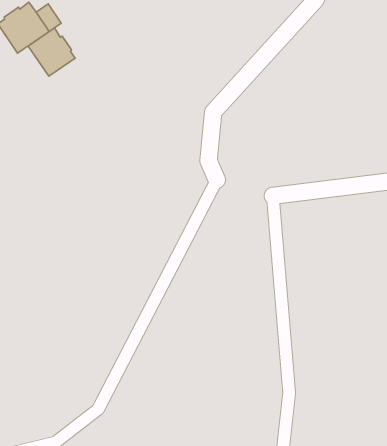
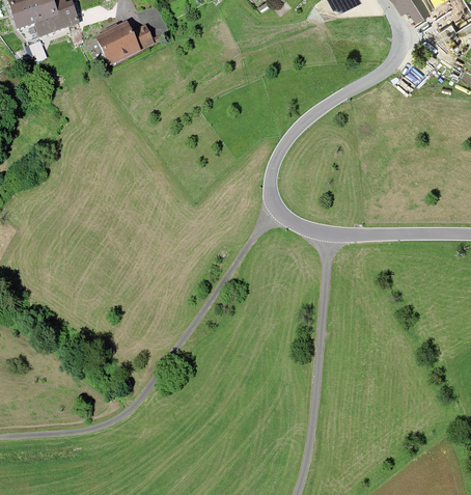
building: [28,28,75,76] -> none

